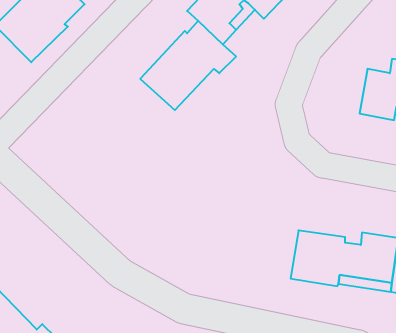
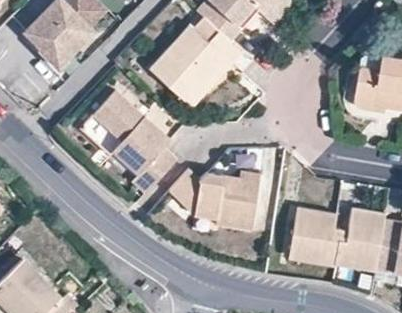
building: none -> [87,89,171,189]
building: none -> [168,171,260,232]

